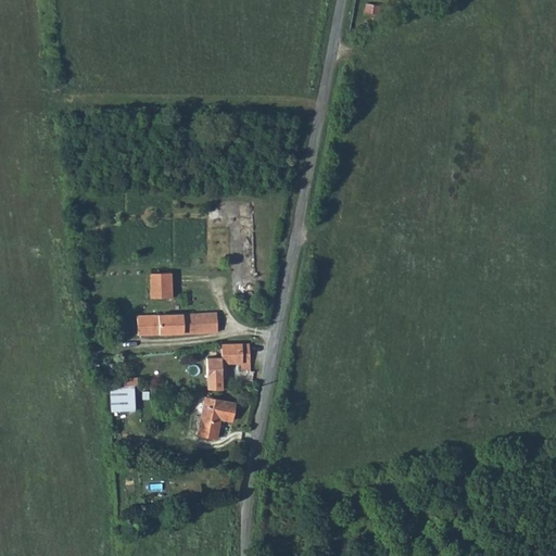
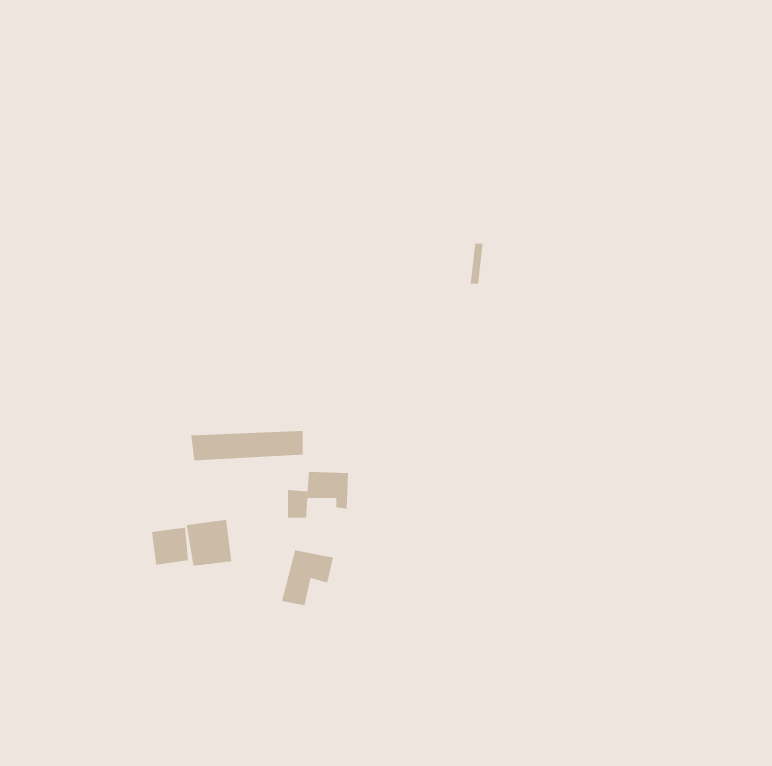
building: [147,278,168,302] -> none
building: none -> [186,519,232,567]

